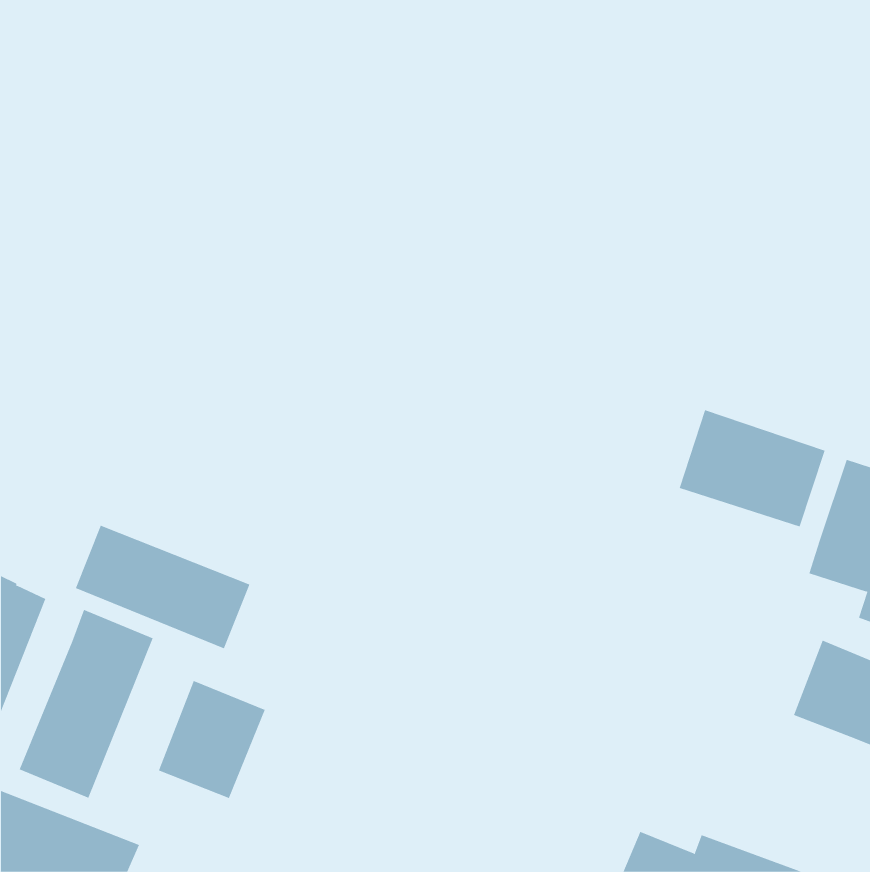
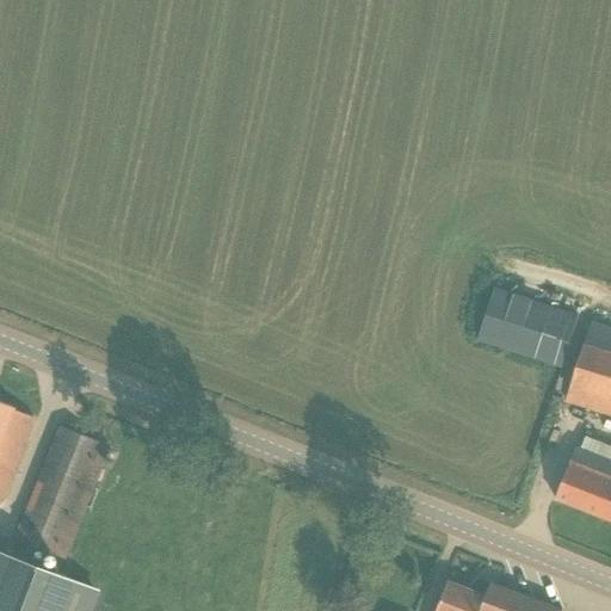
building: [75,525,250,649] -> none
building: [158,680,266,799] -> none

